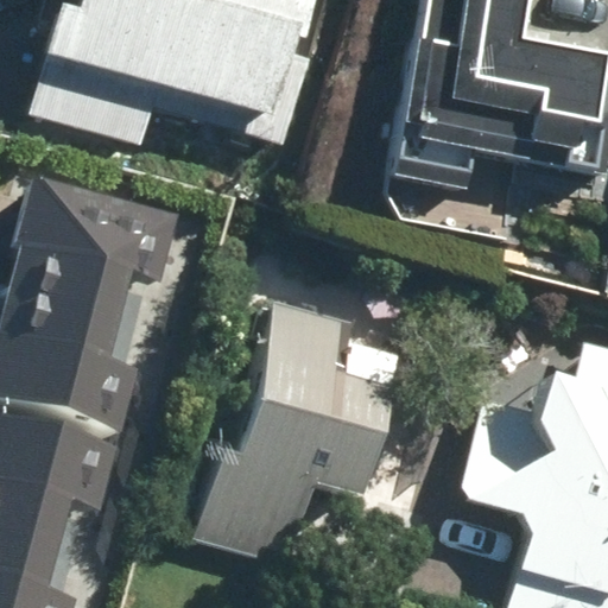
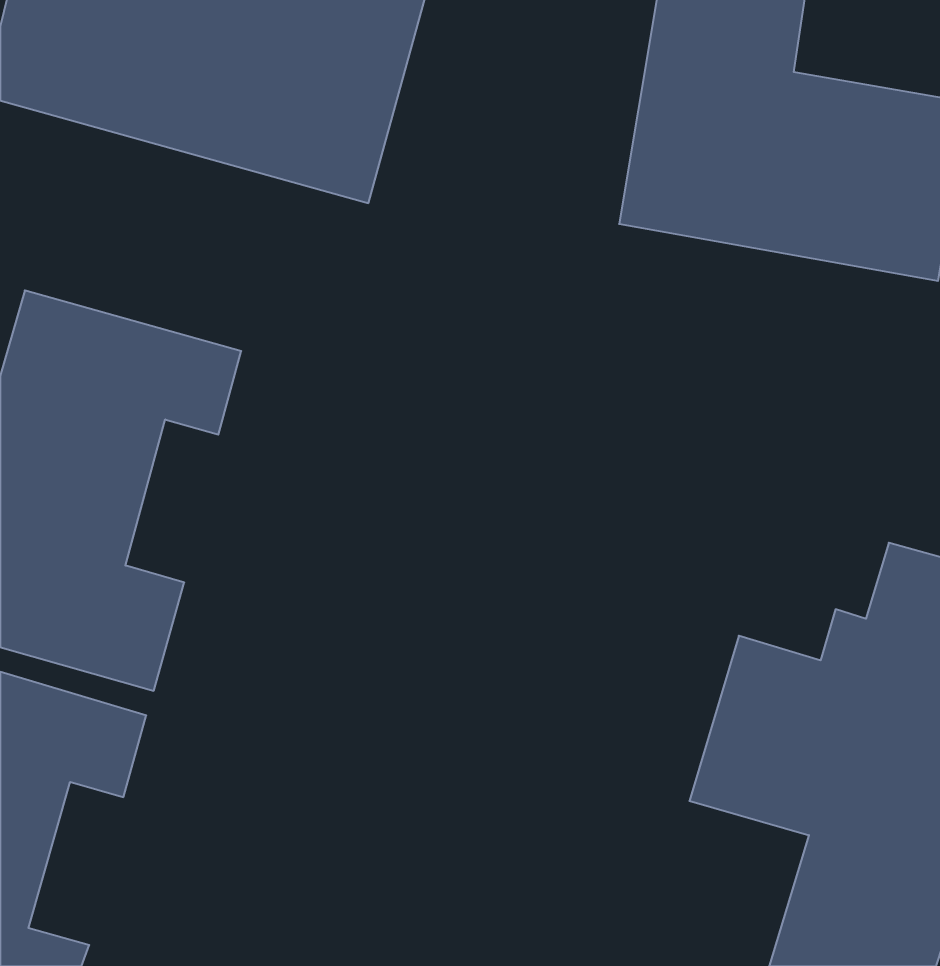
building: [185,303,384,564] -> none

